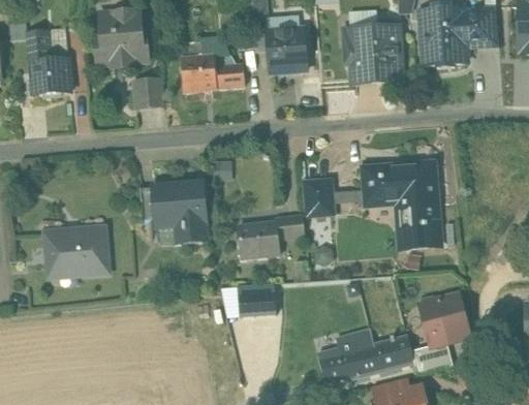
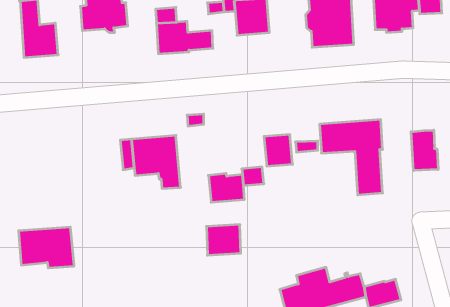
building: [134,77,163,106] -> none
building: none -> [411,130,438,171]
building: [46,228,108,274] -> [19,227,74,268]
building: [421,294,468,345] -> none

